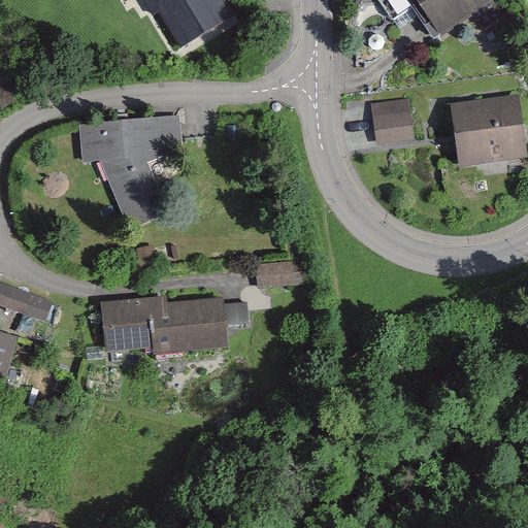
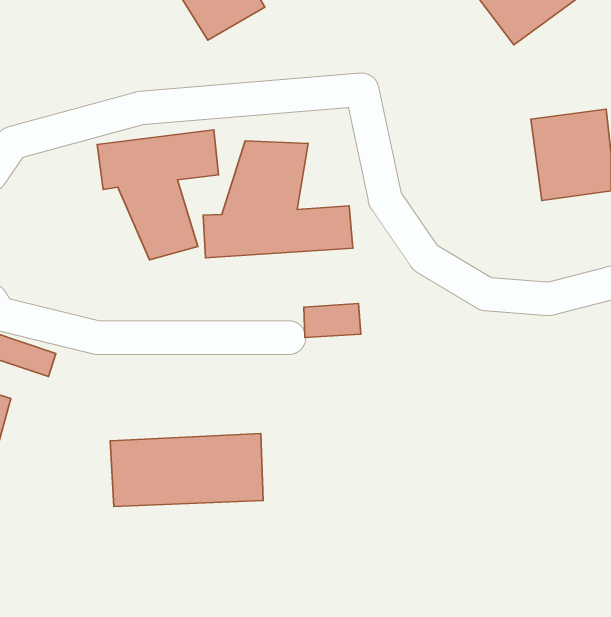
building: [370,97,415,143] -> none
building: none -> [203,141,353,258]
building: [103,297,233,359] -> [110,434,263,507]

